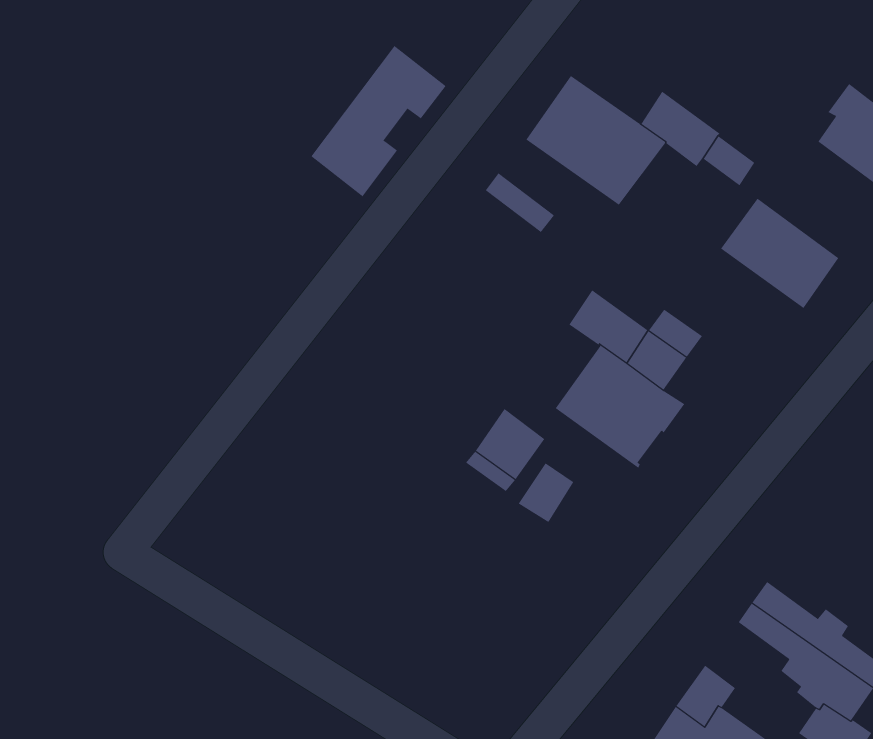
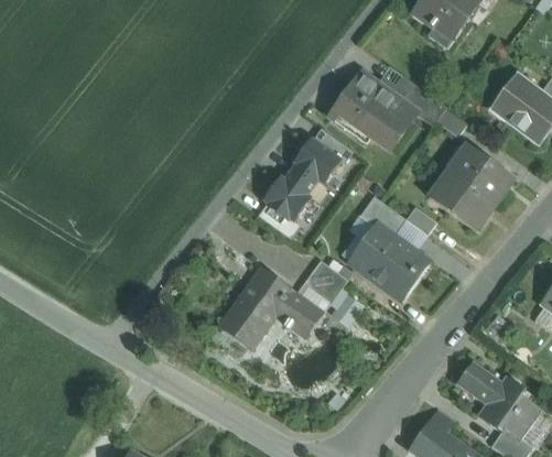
building: [310,45,447,197] -> [263,140,340,226]
building: none -> [429,172,494,230]
building: none -> [219,269,323,349]

